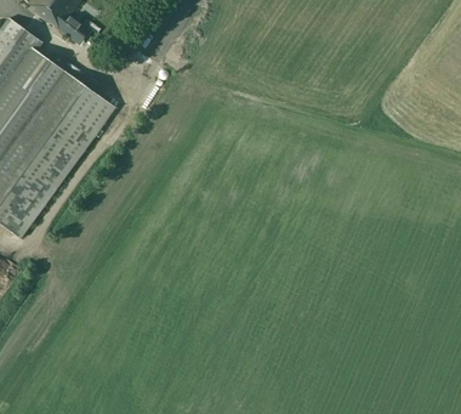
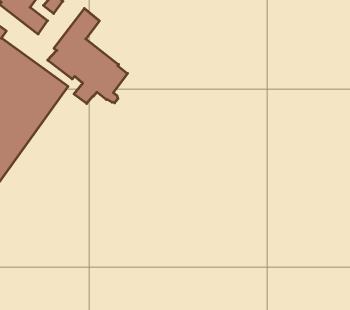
building: none -> [48,8,128,104]

